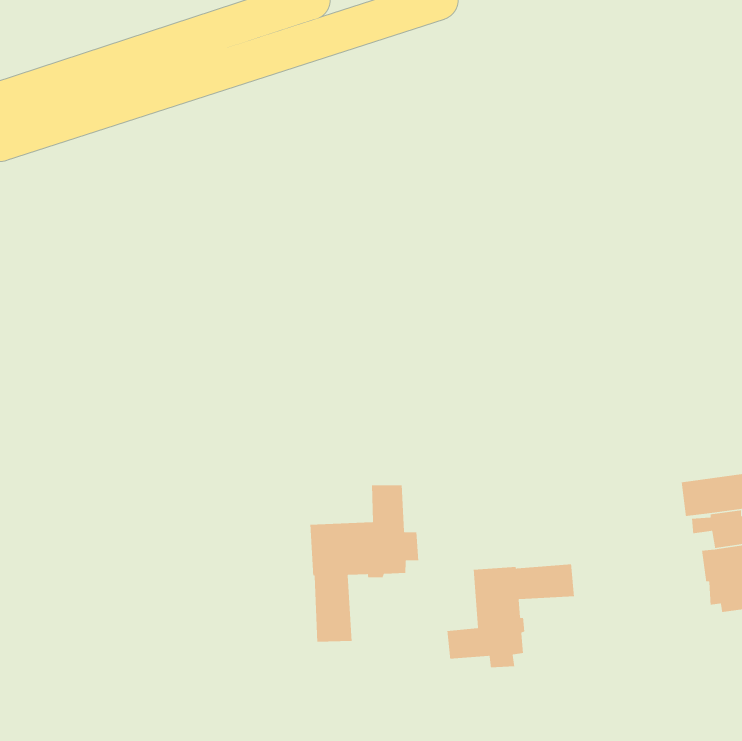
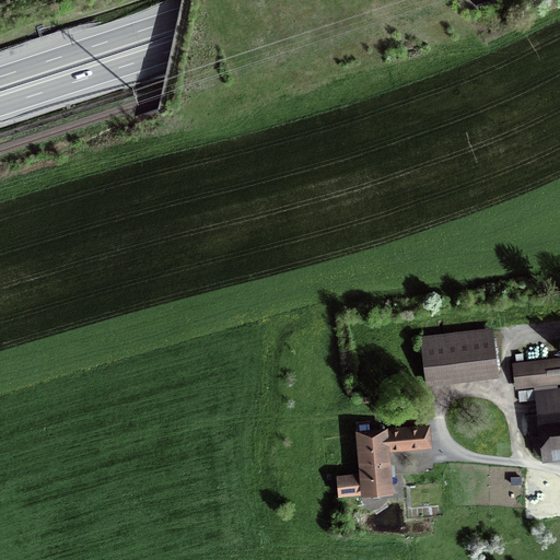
building: none -> [421,328,500,386]
building: [310,485,419,642] -> none

